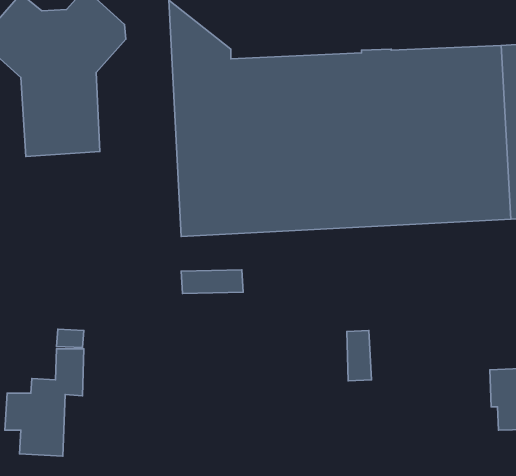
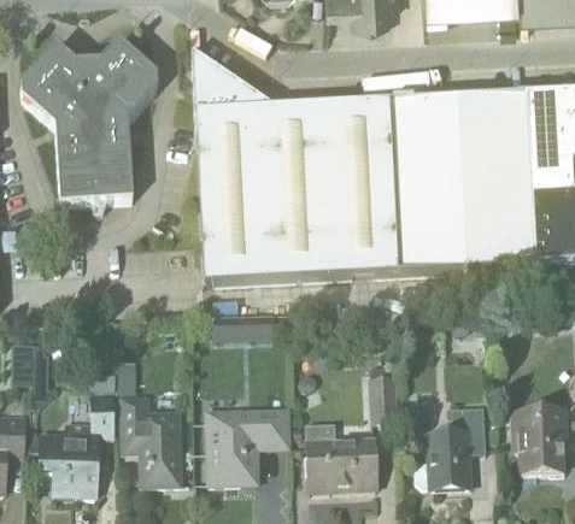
building: none -> [122,398,178,483]
building: none -> [415,406,486,484]
building: none -> [207,410,287,482]
building: none -> [305,423,375,490]

